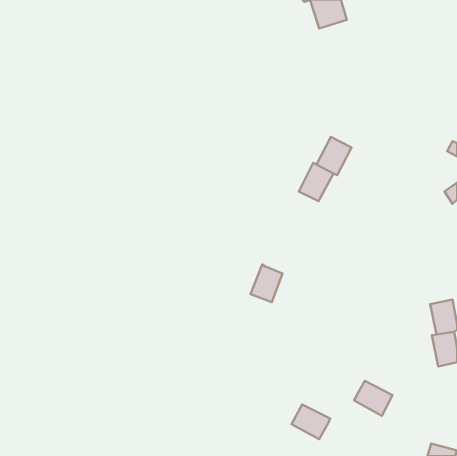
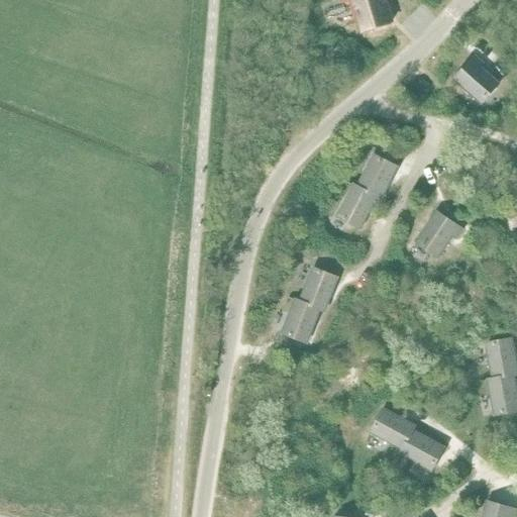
building: none -> [454,56,498,102]
building: none -> [417,211,461,255]
building: none -> [300,268,337,310]
building: [292,404,330,439] -> [371,409,414,448]

